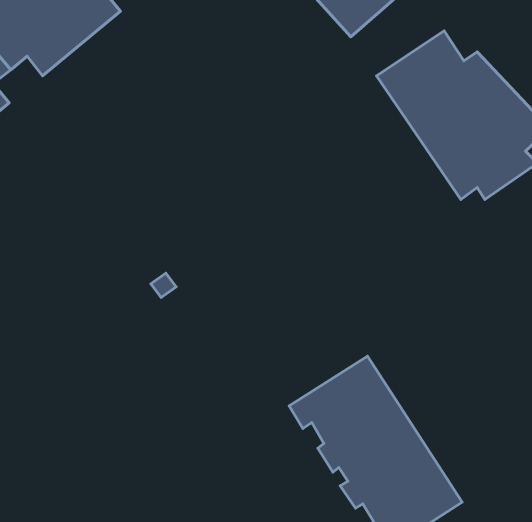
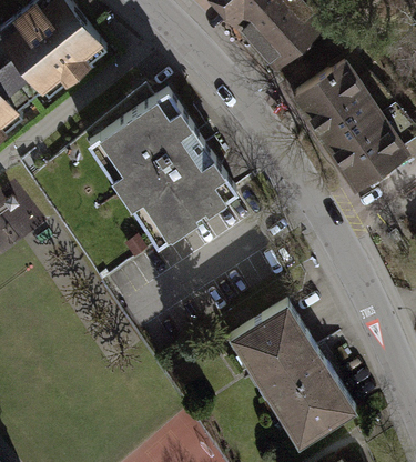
building: none -> [88,92,234,245]

